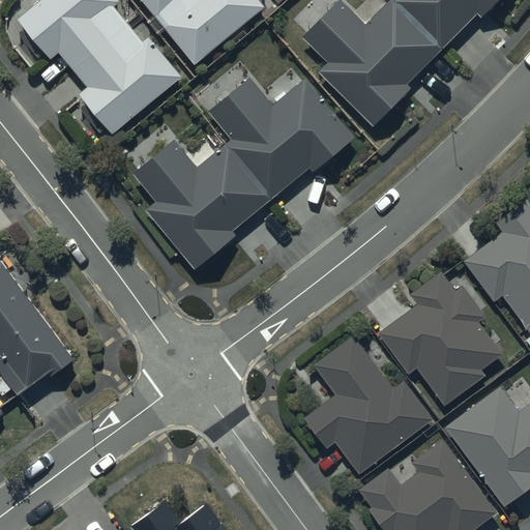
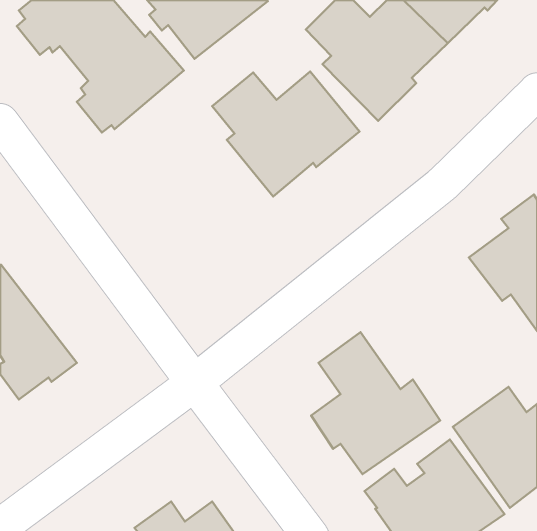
building: [134,140,269,269] -> none
building: [379,269,502,407] -> none

